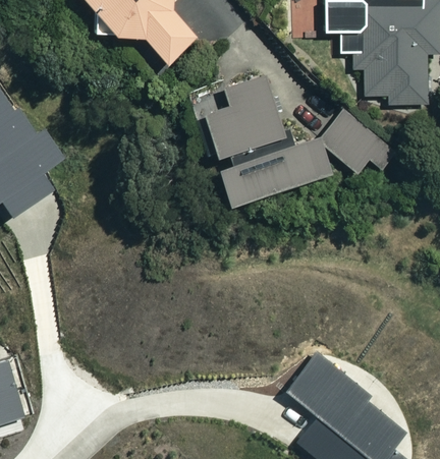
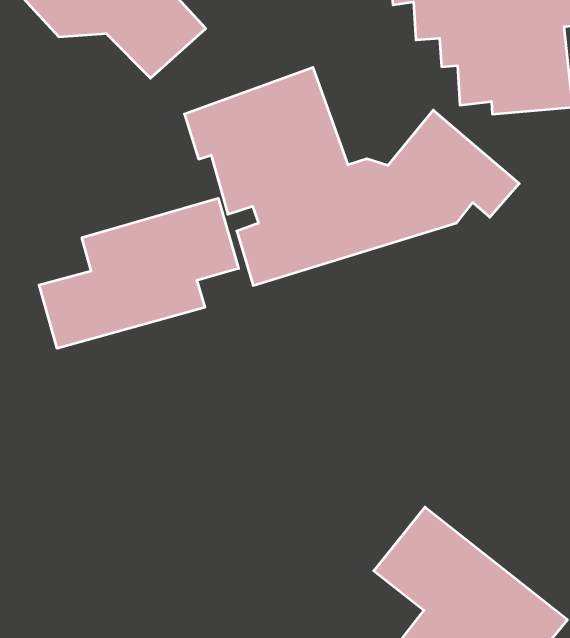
building: none -> [39,198,239,348]

